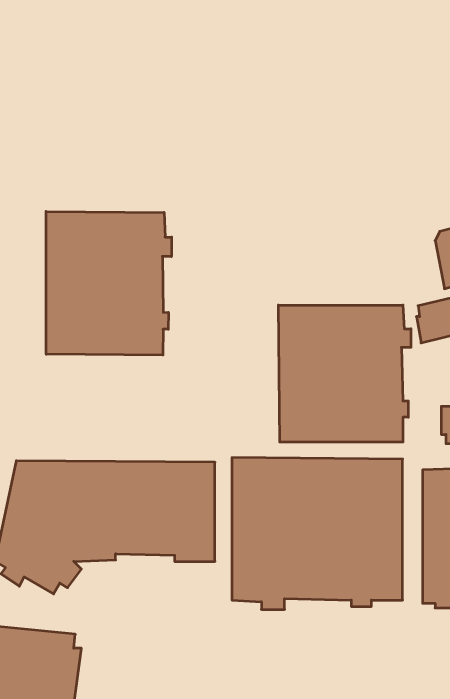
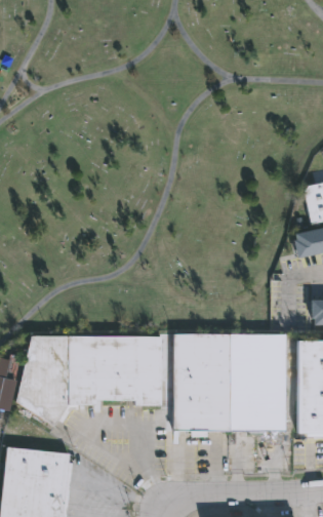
building: [46,211,172,355] -> none
building: [278,305,411,442] -> none

